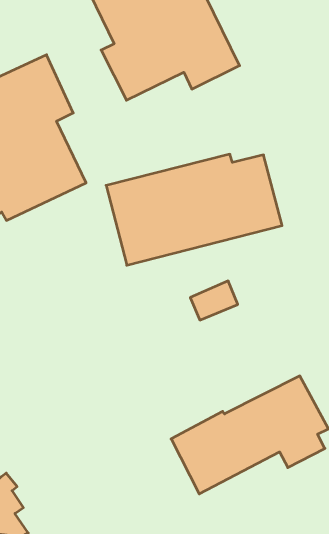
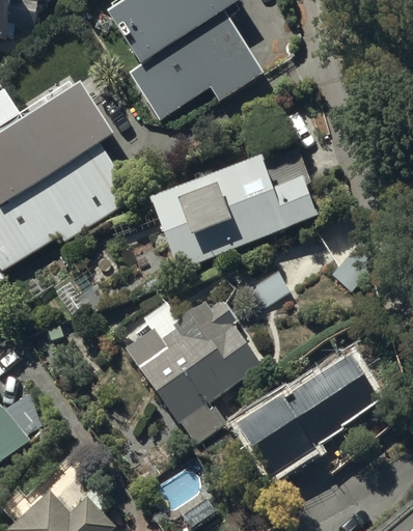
building: none -> [122,299,259,440]

